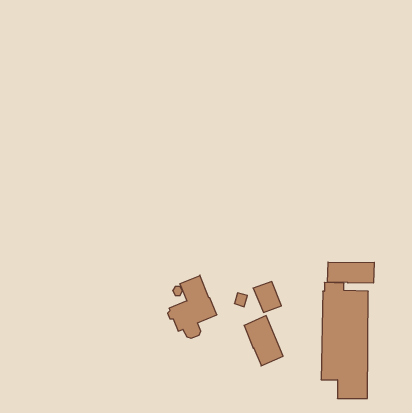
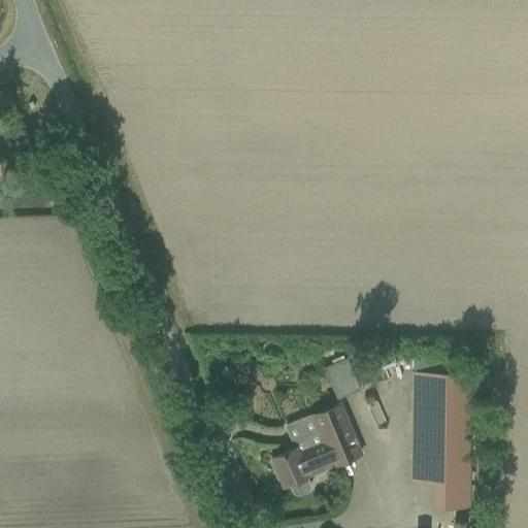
building: [327,262,374,283] -> none
building: [168,275,217,338] -> [272,416,335,496]

